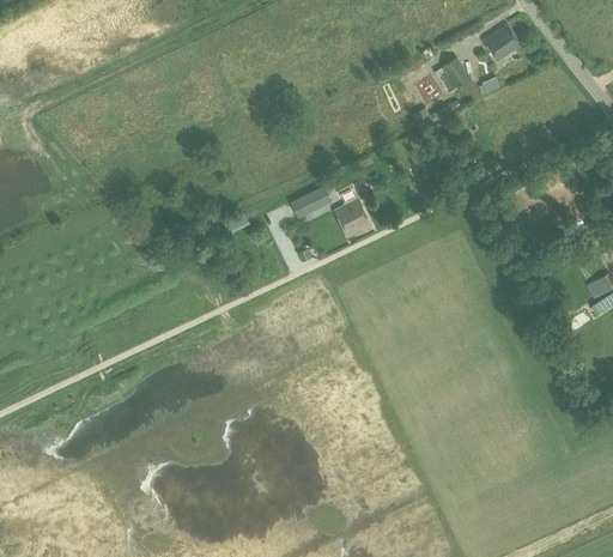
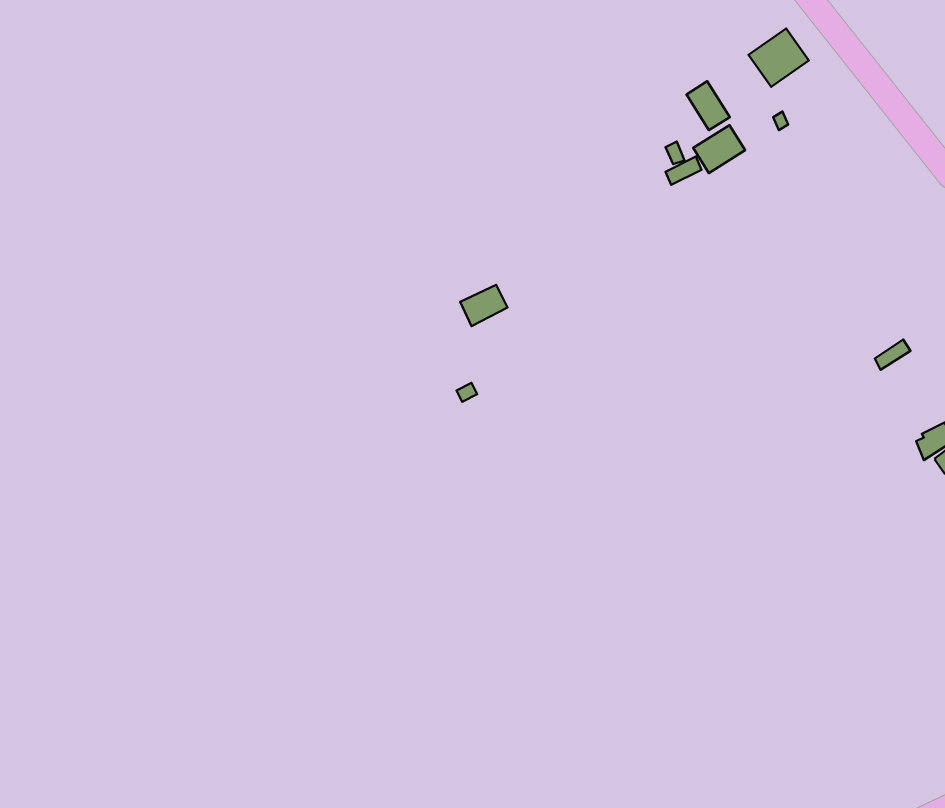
building: none -> [693,125,745,173]
building: [333,198,370,236] -> none

